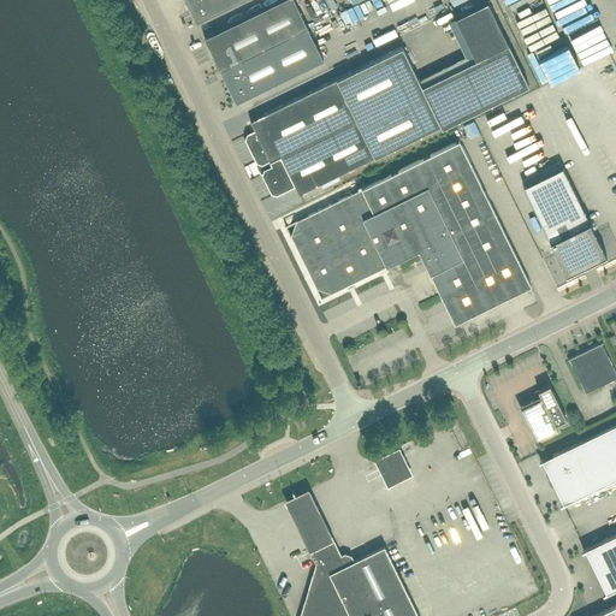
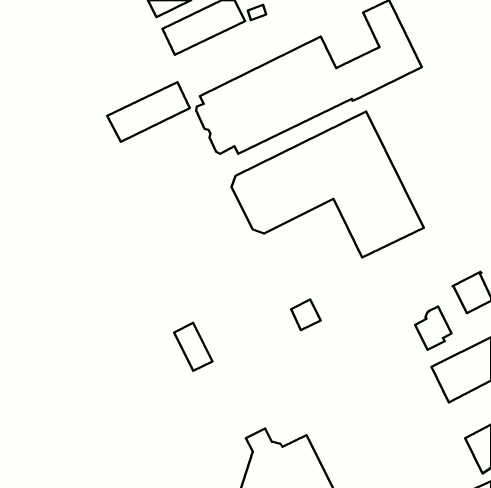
building: [219,30,322,105] -> [107,82,190,142]
building: [522,168,606,277] -> none
building: [374,450,411,488] -> [291,300,321,330]
building: [284,492,332,552] -> [174,323,212,371]

